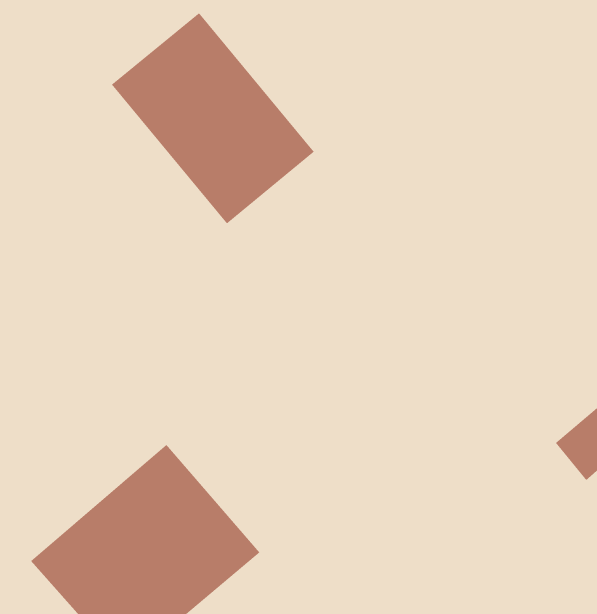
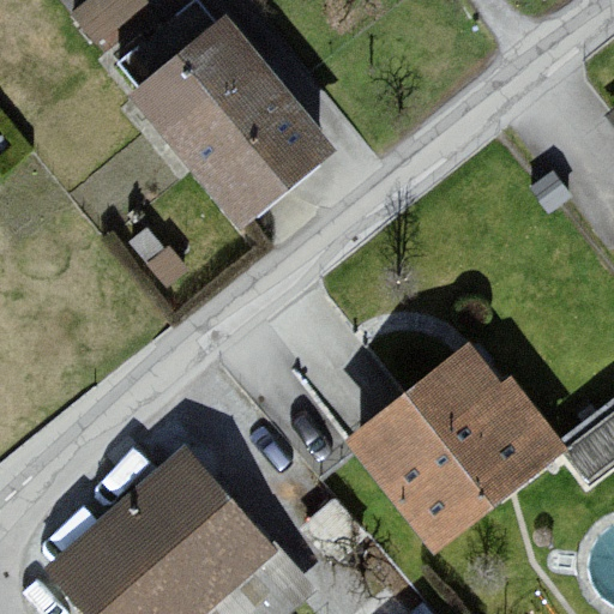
building: none -> [348,347,554,554]

